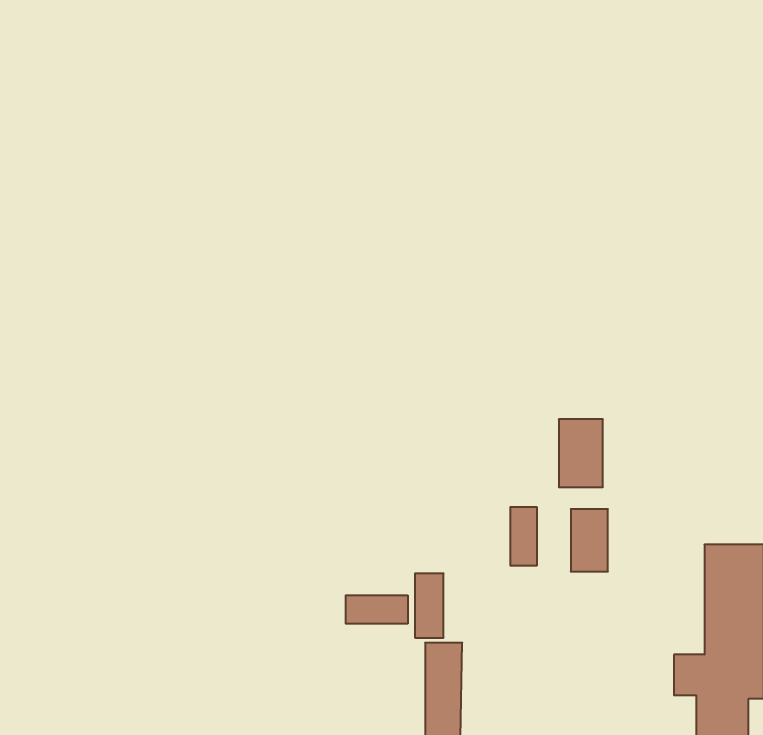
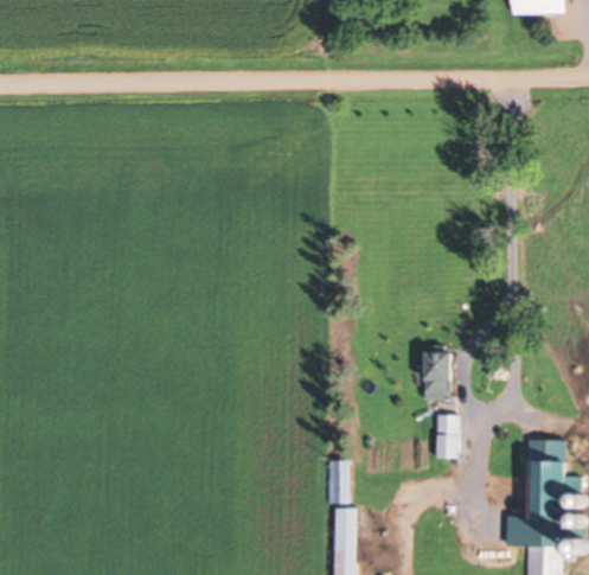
building: [510,507,537,566] -> none
building: [346,595,408,624] -> none

